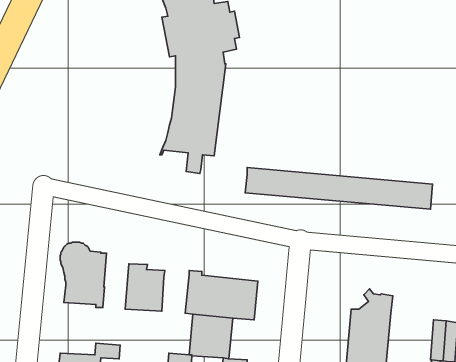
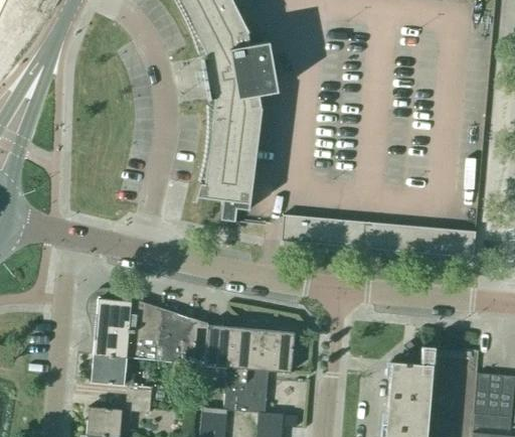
building: none -> [135,304,163,362]
building: none -> [198,322,224,367]
building: none -> [93,355,154,400]

